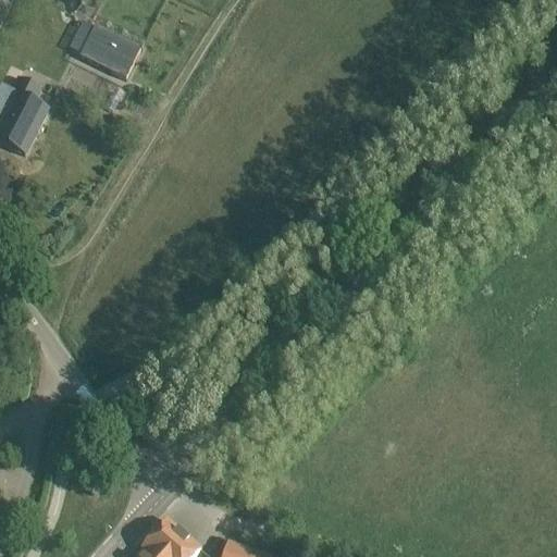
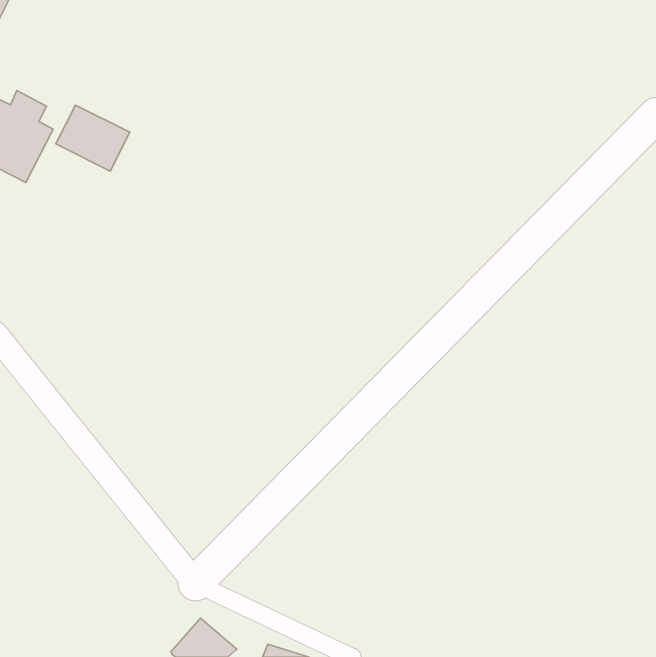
building: [75,24,137,79] -> [56,105,130,171]

